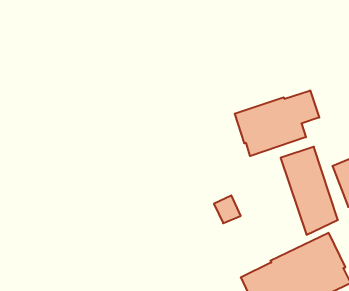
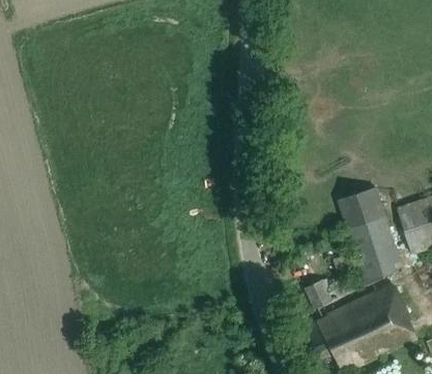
building: [235,90,319,156] -> none
building: [214,195,241,223] -> [304,279,334,310]

